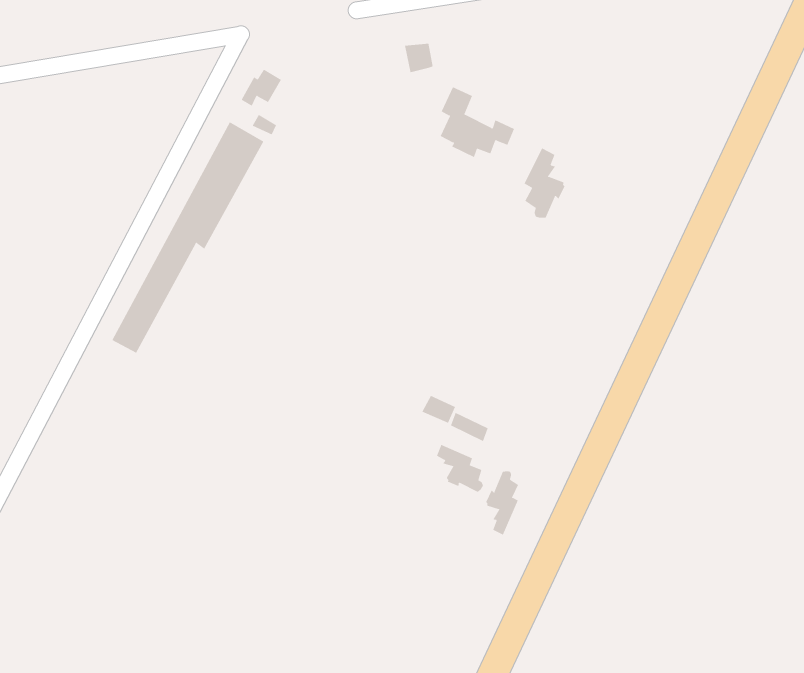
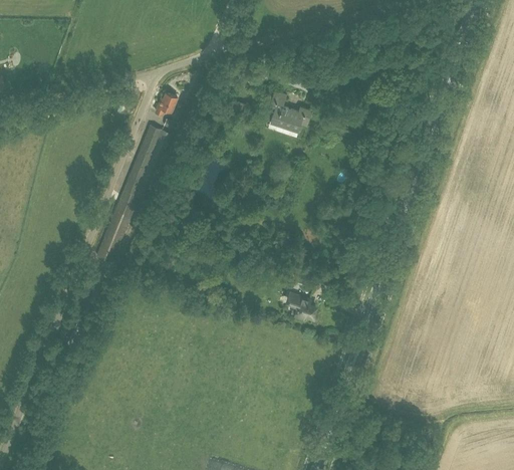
building: [524,147,565,219] -> none
building: [486,470,519,535] -> none

